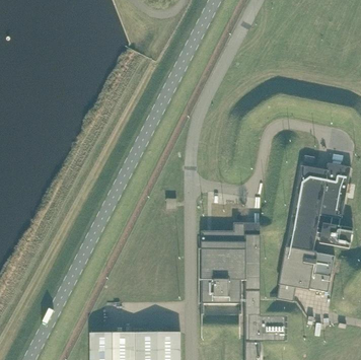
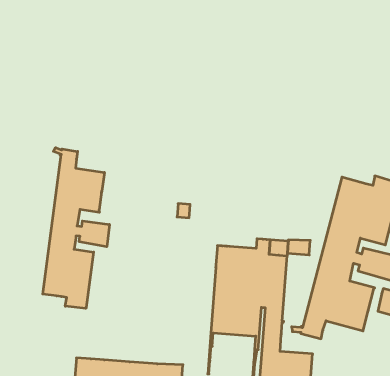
building: none -> [43,148,109,308]

